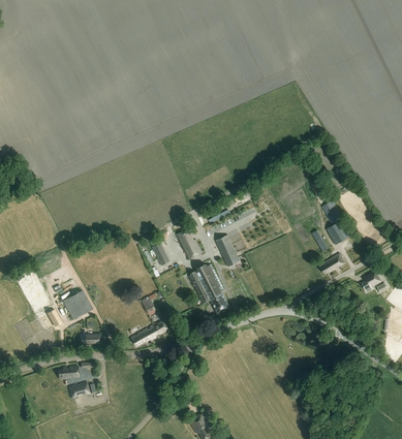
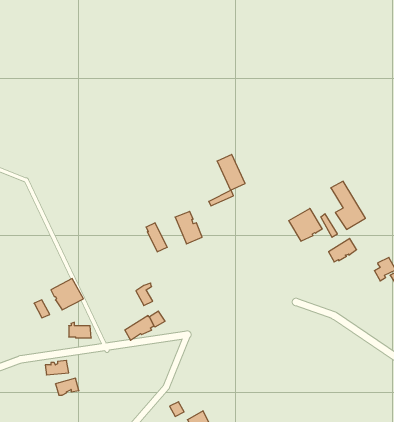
building: none -> [289,208,322,241]
building: [215,234,241,268] -> [217,154,245,190]
building: [189,264,229,313] -> none

